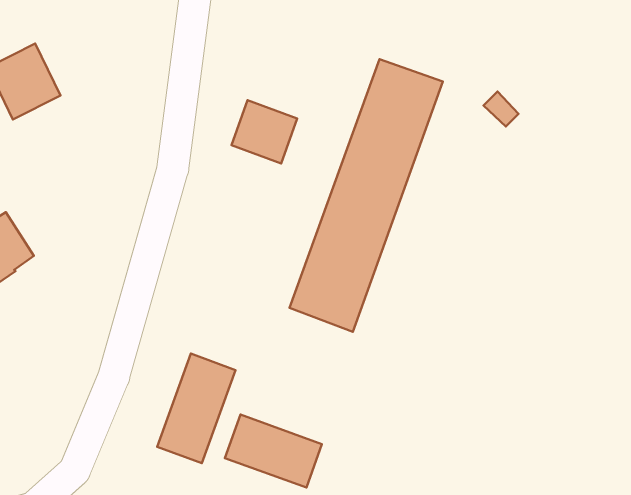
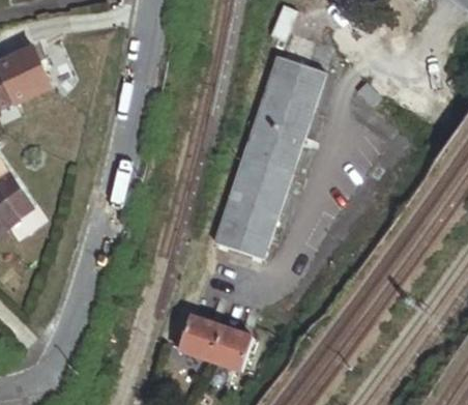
building: [231,100,297,164] -> none
building: [157,353,236,463] -> none

